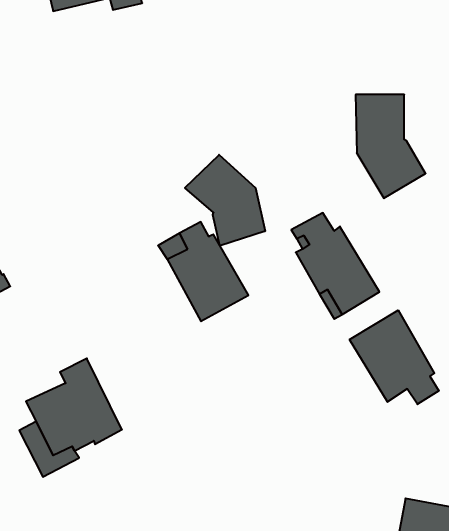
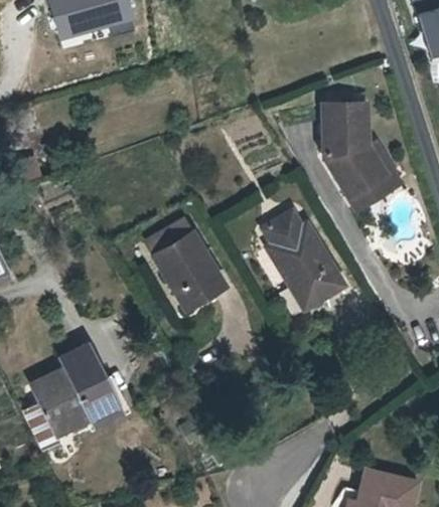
building: none -> [348,147,400,214]
building: [185,155,265,246] -> none
building: [350,310,439,404] -> none

